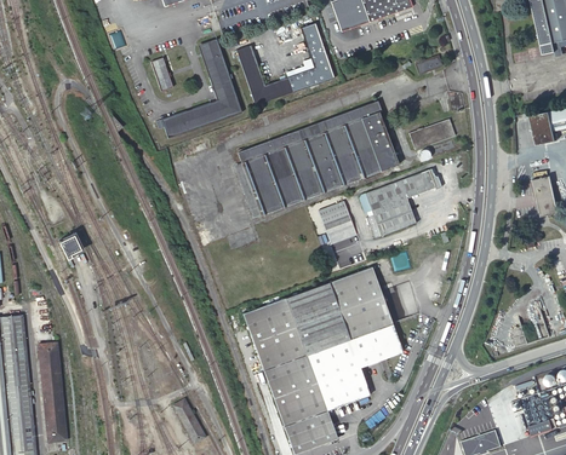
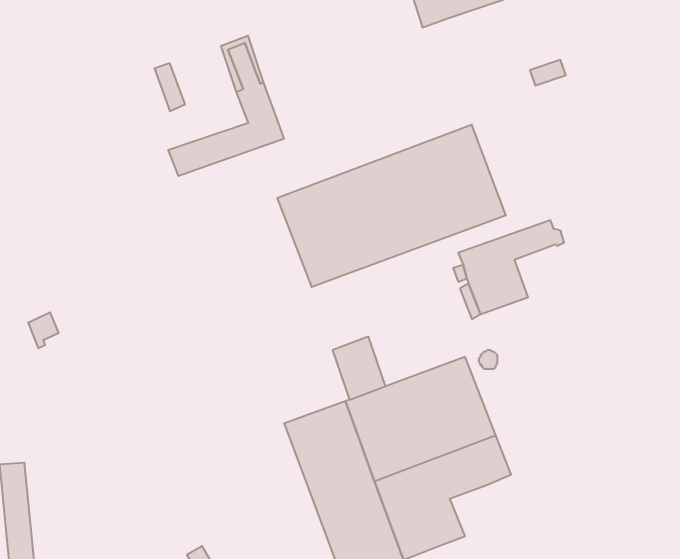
building: [236,23,333,104] -> none
building: [408,117,454,149] -> none
building: [320,198,358,243] -> [333,337,386,400]

